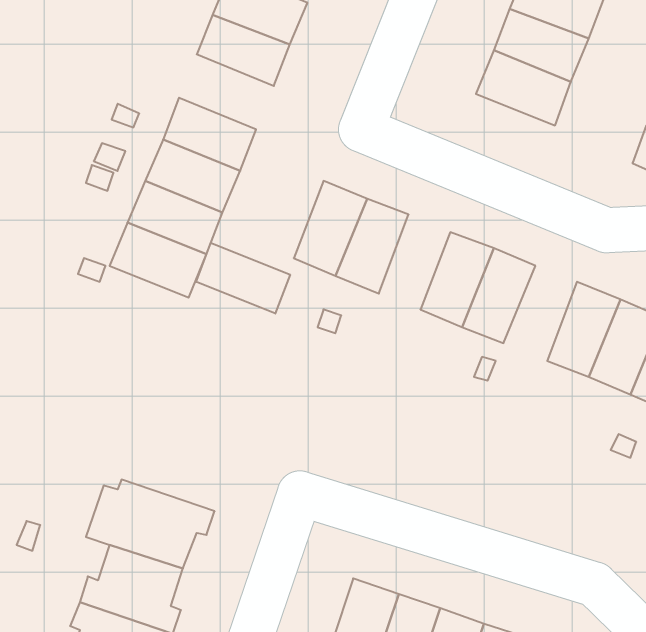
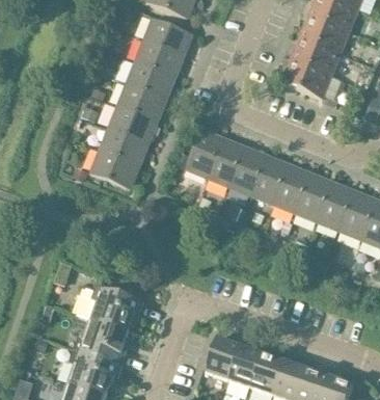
building: none -> [126,61,175,101]
building: none -> [230,145,268,195]
building: [196,243,290,314] -> none
building: none -> [296,172,334,222]

